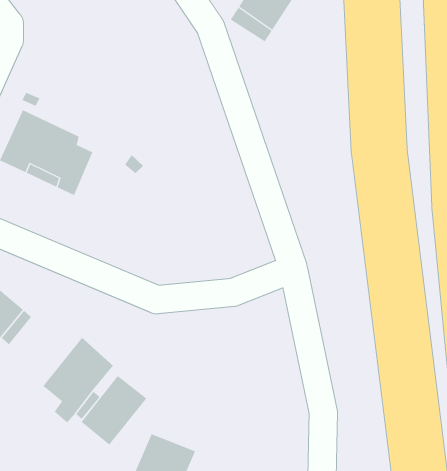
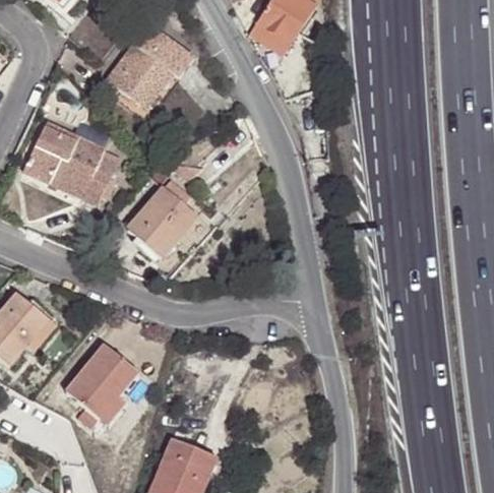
building: none -> [105,21,193,111]
building: none -> [127,178,195,257]
building: [81,375,147,445] -> none

